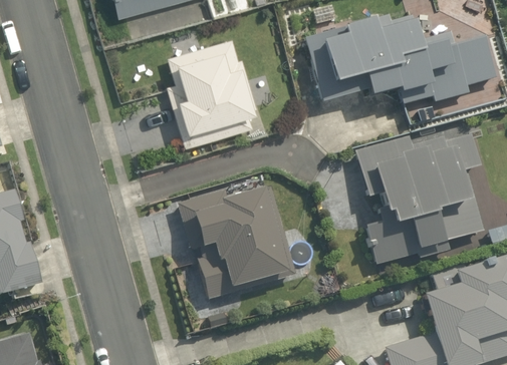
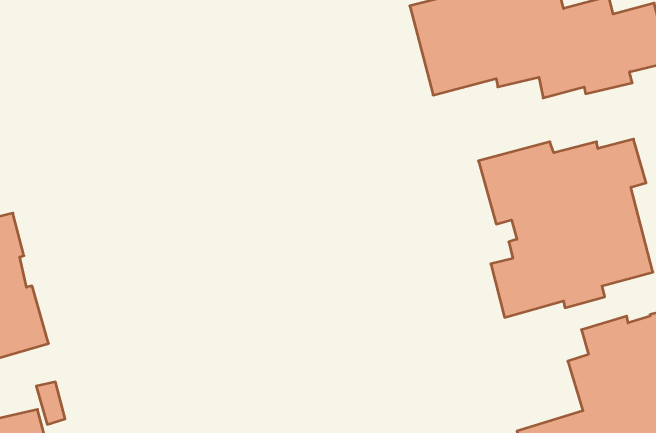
building: [167,37,256,143] -> none
building: [178,186,295,299] -> none

